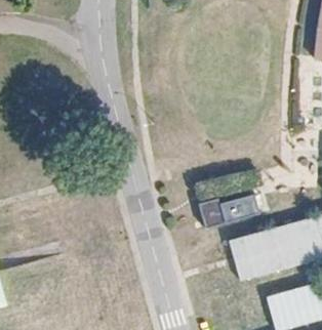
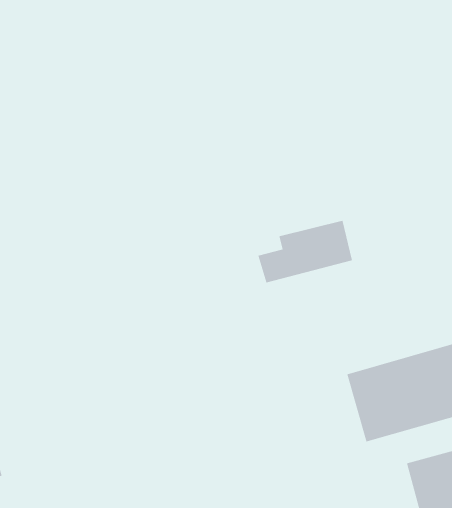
building: [205,188,266,228] -> [258,220,353,283]

